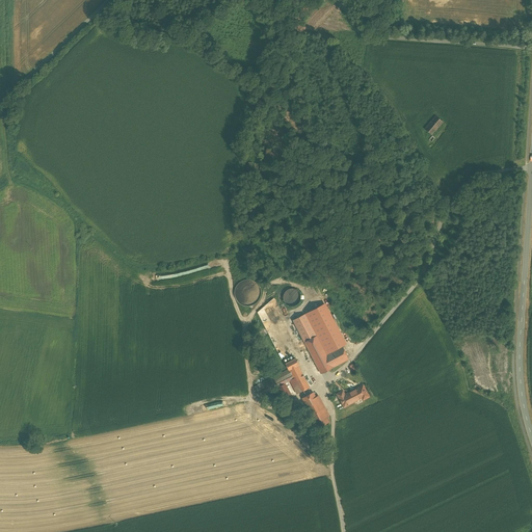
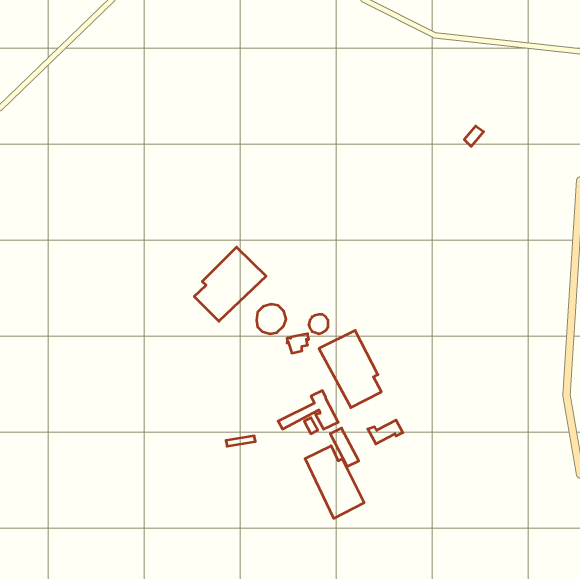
building: none -> [194,247,266,321]
building: none -> [305,446,364,518]

